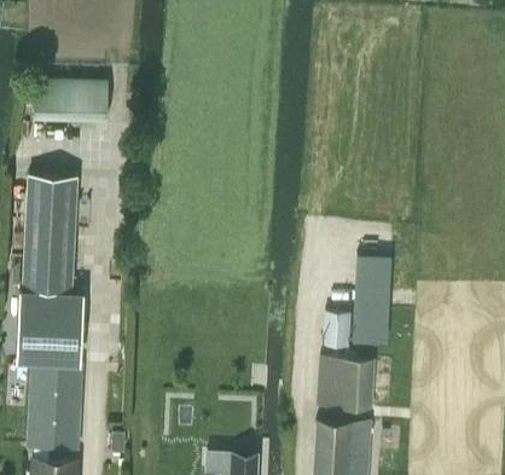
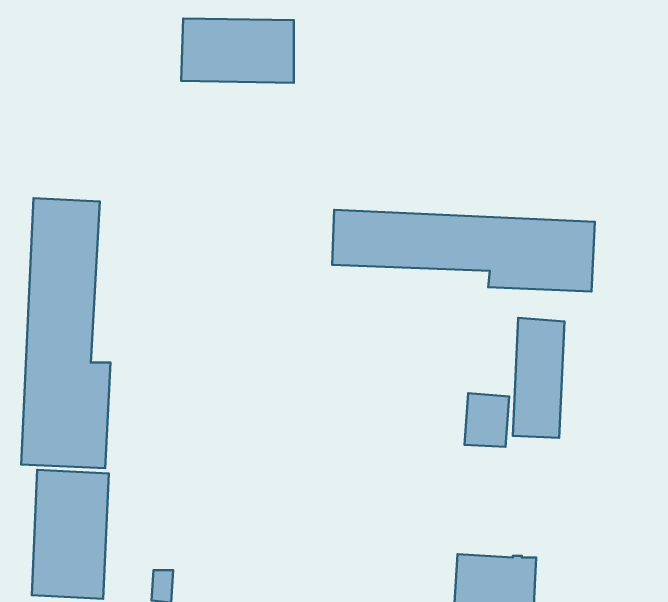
building: [33,80,109,123] -> [181,18,294,83]
building: none -> [332,210,595,292]
building: [318,359,390,412] -> none

